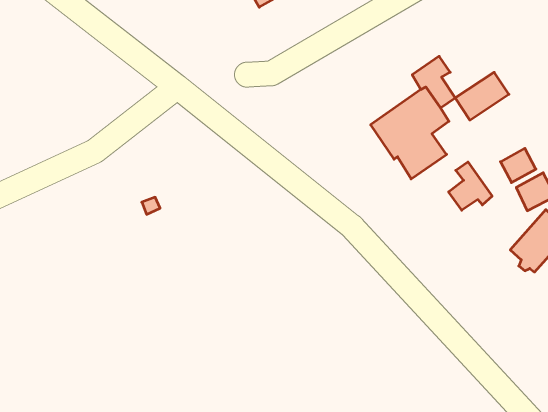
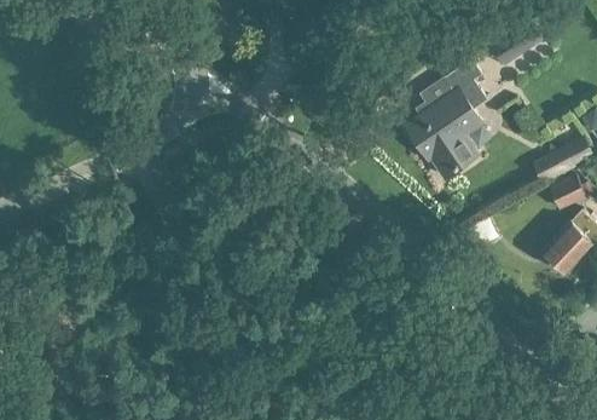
building: [455,72,509,120] -> [491,17,544,64]
building: [449,162,492,210] -> none

